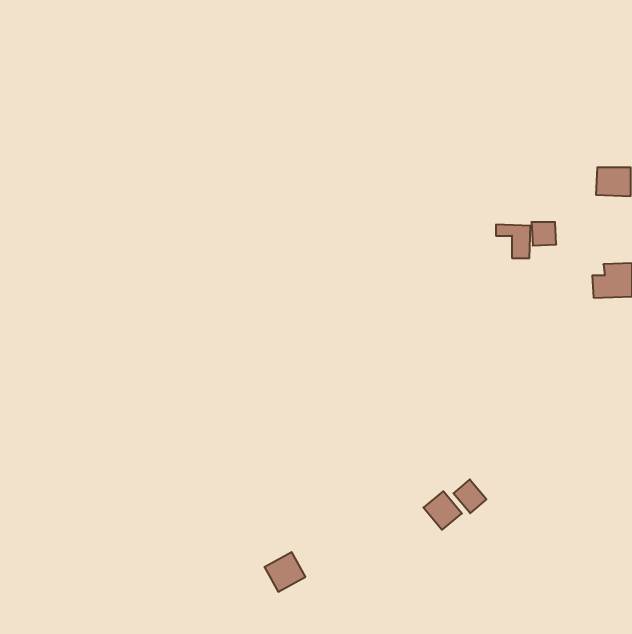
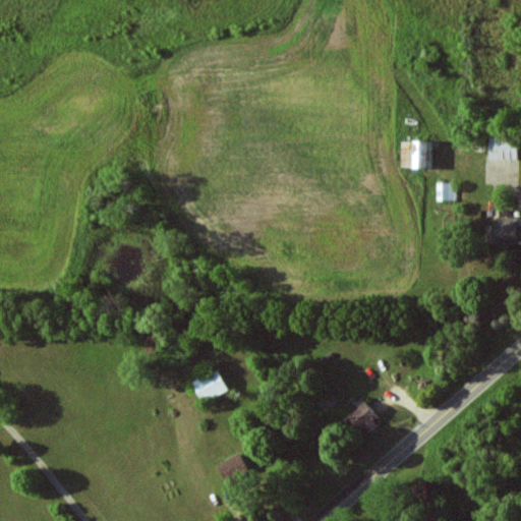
building: [496,225,531,258] -> [401,141,429,169]
building: none -> [192,370,227,401]
building: [453,479,486,513] -> none

